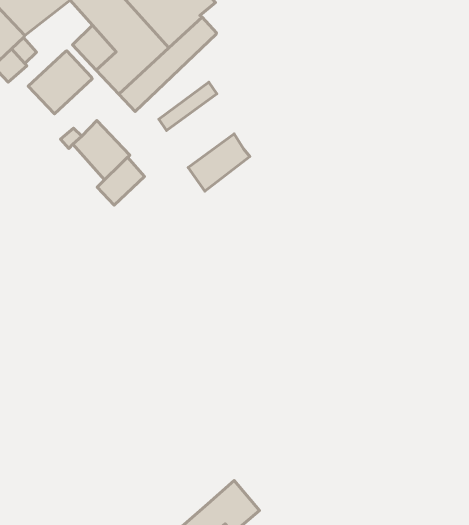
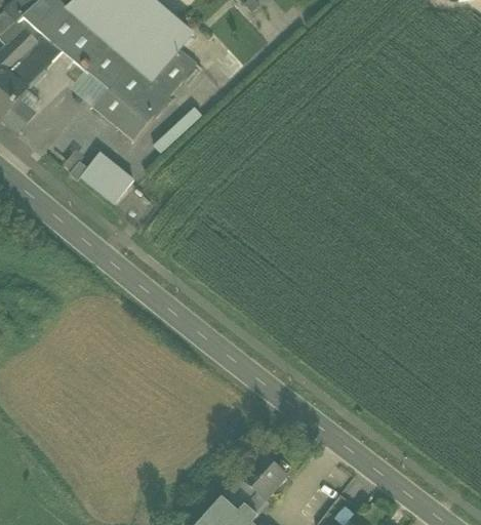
building: [28,51,92,114] -> none
building: [188,134,250,191] -> none
building: [97,157,144,205] -> none

